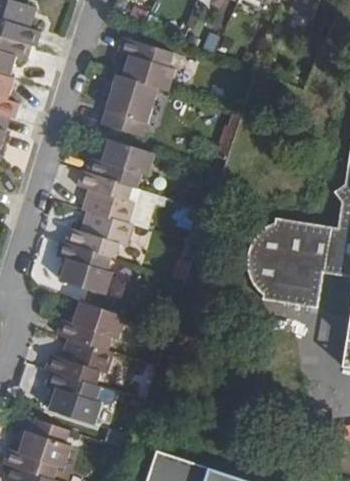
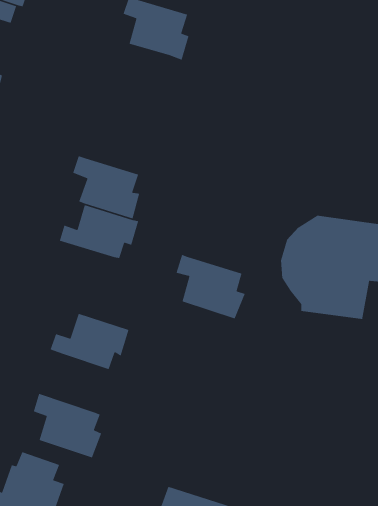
building: [102,75,157,136] -> none
building: [87,139,154,187] -> none
building: [55,240,114,295] -> [175,254,246,320]
building: [44,337,112,385] -> none

